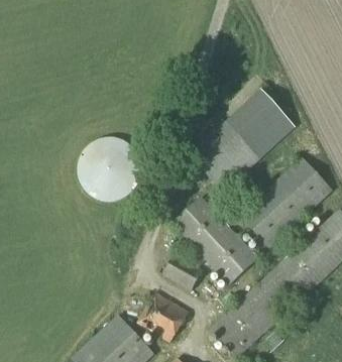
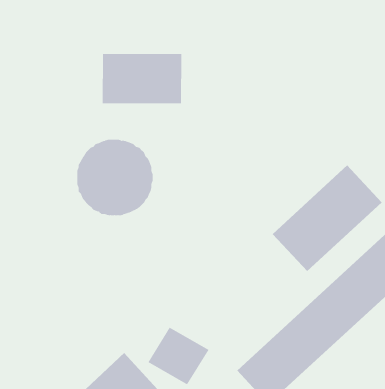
building: none -> [102,53,182,104]
building: [186,88,297,191] -> none
building: [162,197,258,290] -> none

